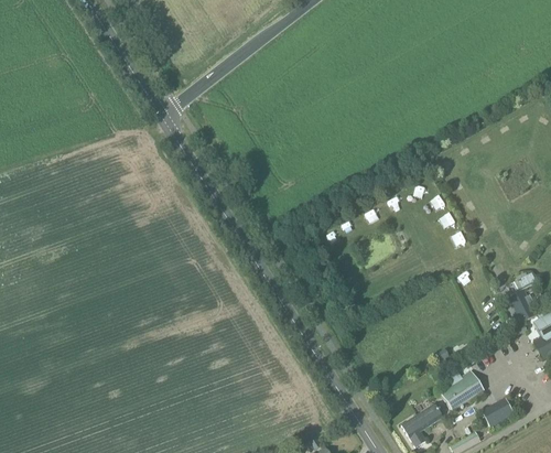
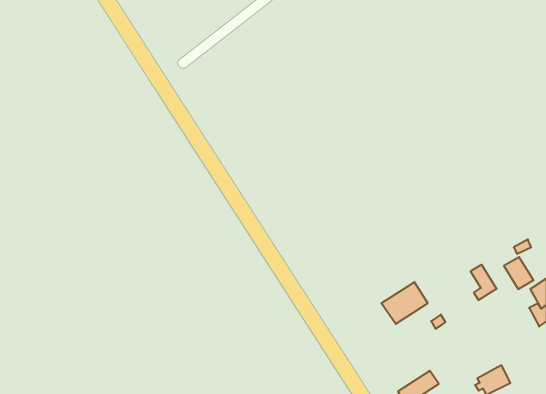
building: none -> [471,265,497,300]
building: [437,369,484,411] -> [381,282,428,324]

